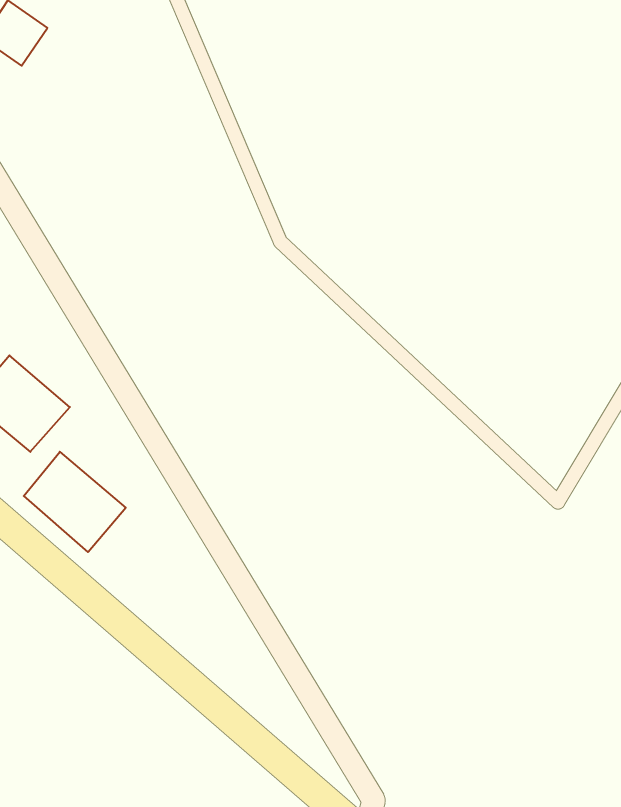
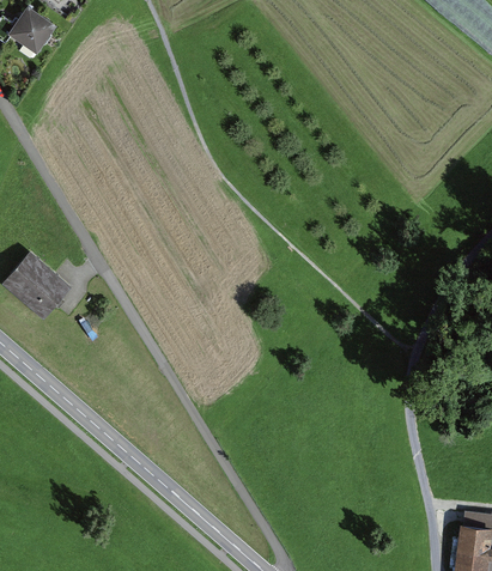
building: [24,452,126,552] -> none

